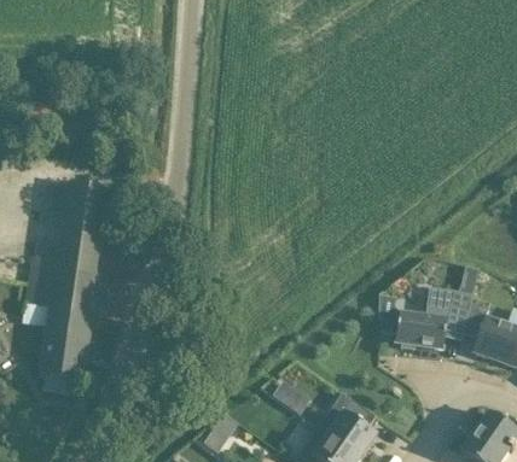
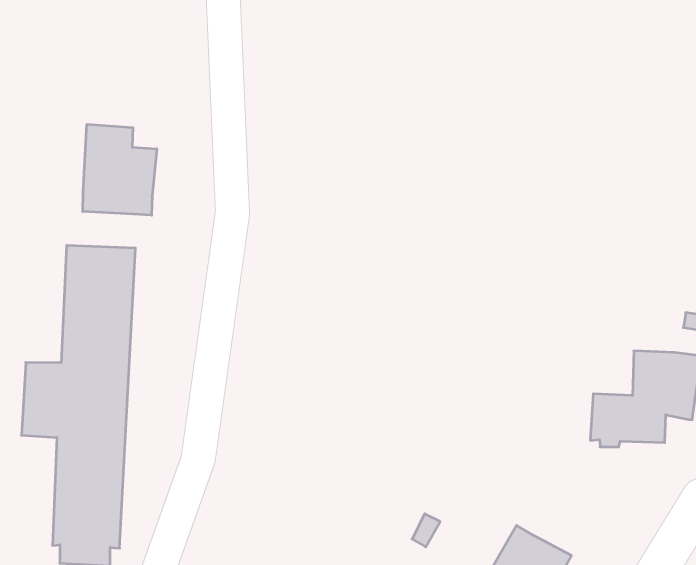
building: none -> [83,124,157,215]

